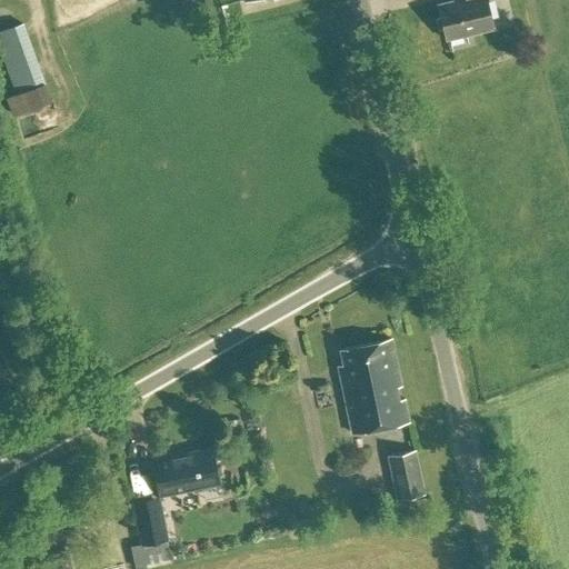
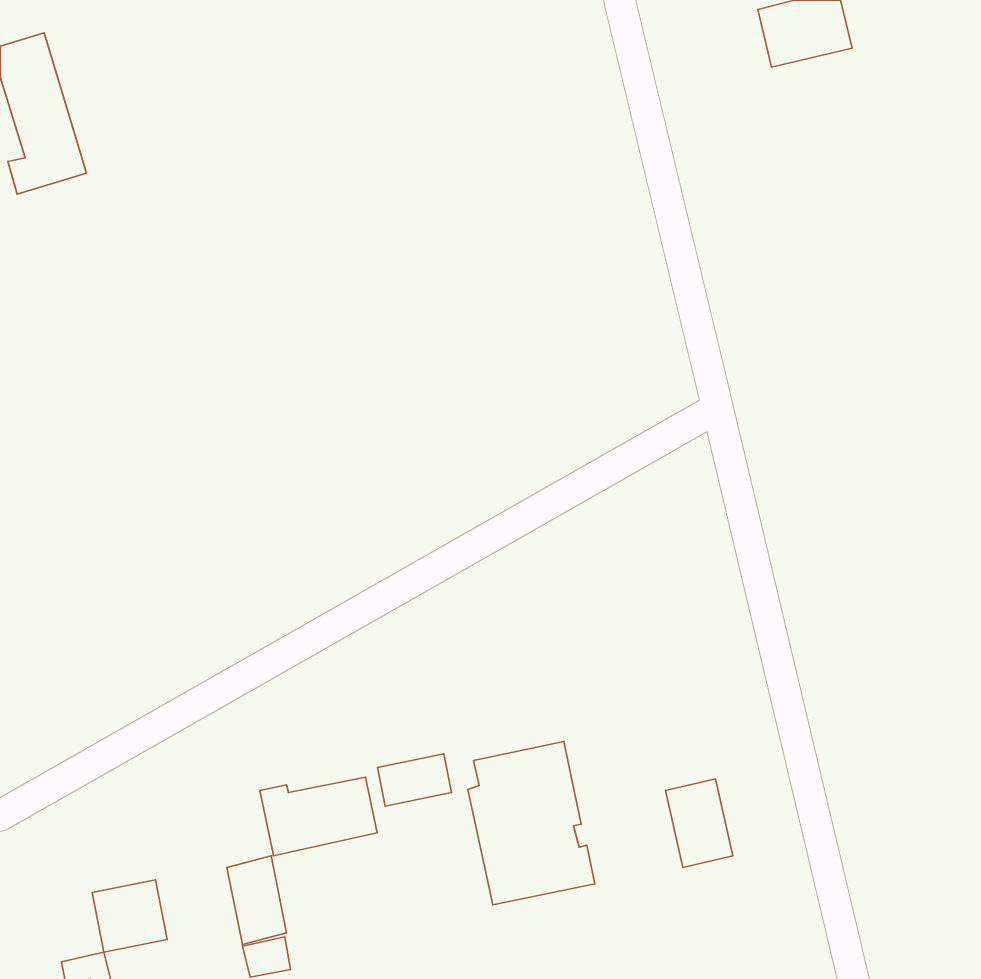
building: [337,340,410,435] -> [468,741,595,905]
building: none -> [377,754,452,806]
building: none -> [92,880,167,952]

